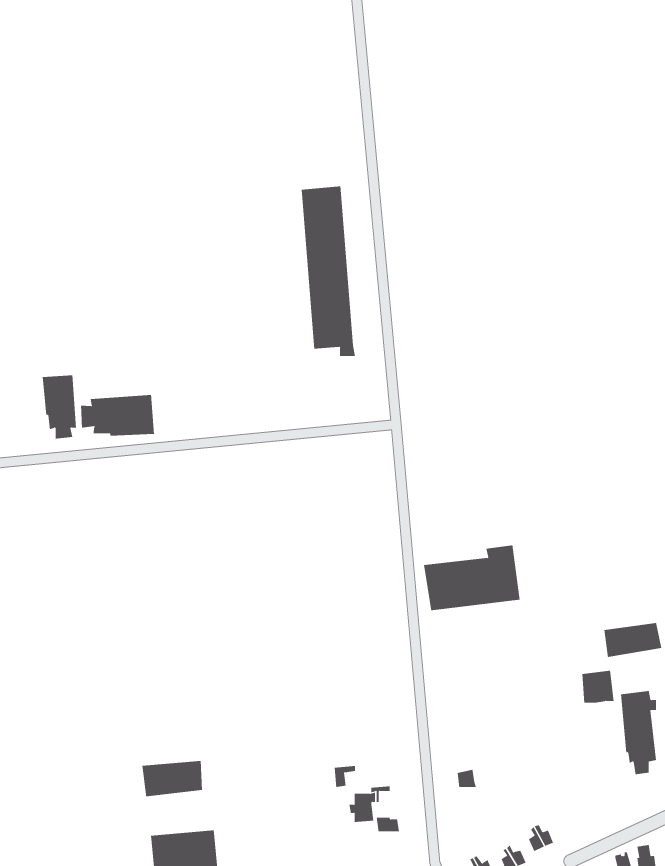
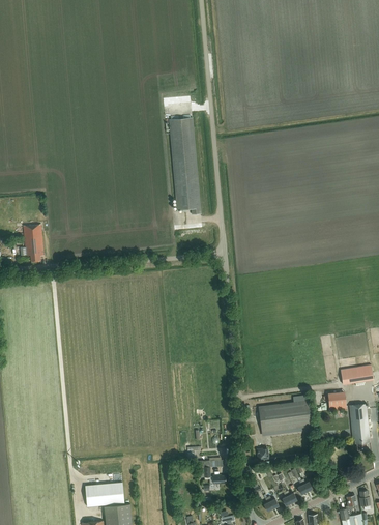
building: [80,394,154,436] -> none
building: [423,545,520,611] -> [258,395,313,432]
building: [142,760,203,797] -> none

